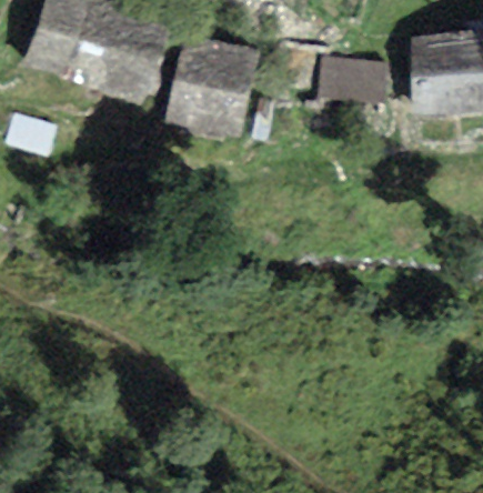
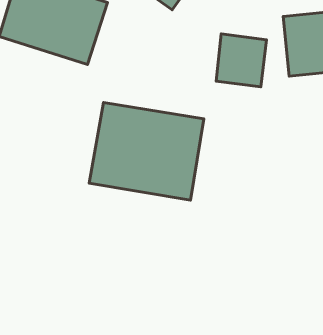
building: [165,34,256,133] -> none
building: none -> [89,102,204,200]

